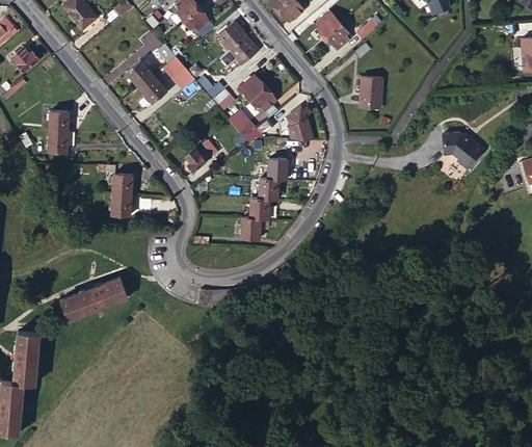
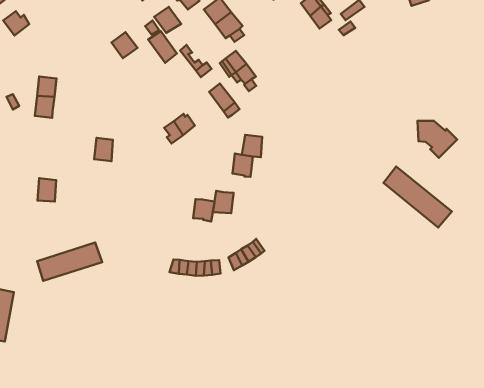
building: [137,77,165,104] -> [154,7,181,33]
building: [358,80,379,111] -> none
building: [285,106,314,143] -> none
building: none -> [384,167,452,227]
building: [114,193,132,216] -> [38,178,56,201]
building: [248,200,269,221] -> [193,199,215,221]

